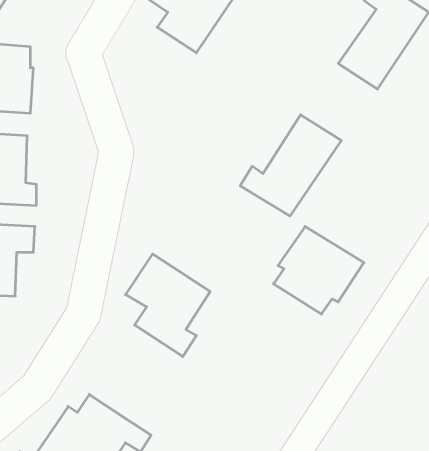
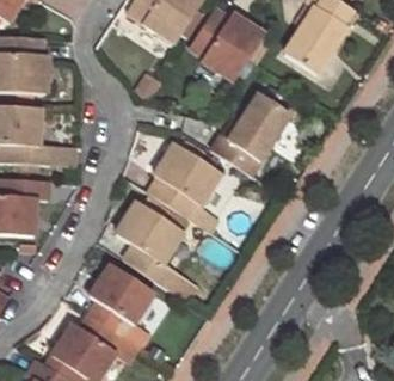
building: none -> [191,7,263,79]
building: [273,226,364,314] -> [149,146,221,215]
building: none -> [90,266,155,332]

